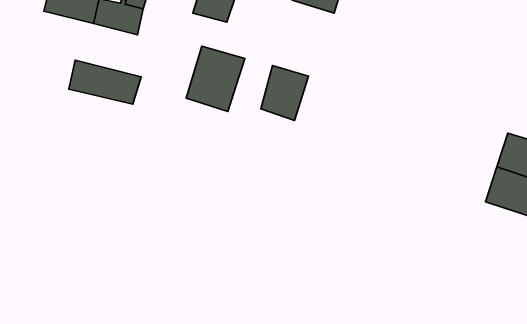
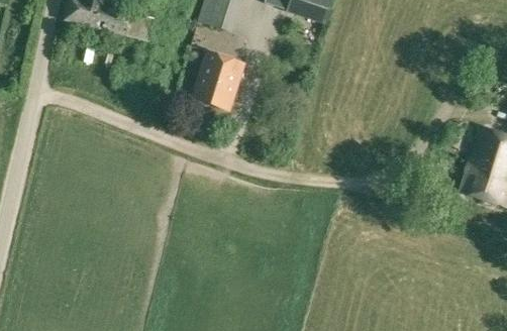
building: [69,60,141,104] -> none
building: [261,66,308,120] -> none

